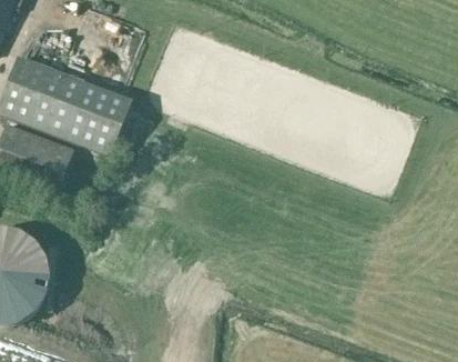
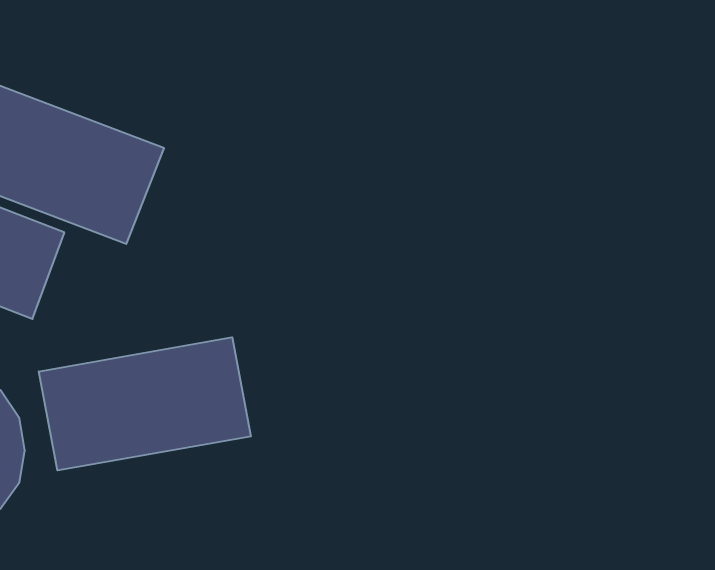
building: none -> [39,337,251,470]

